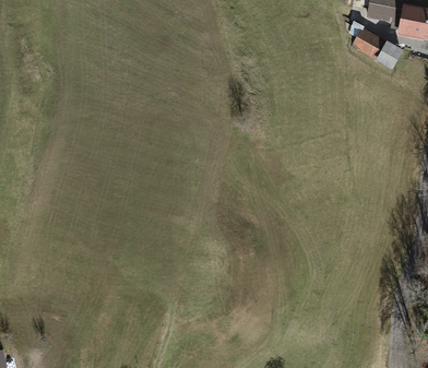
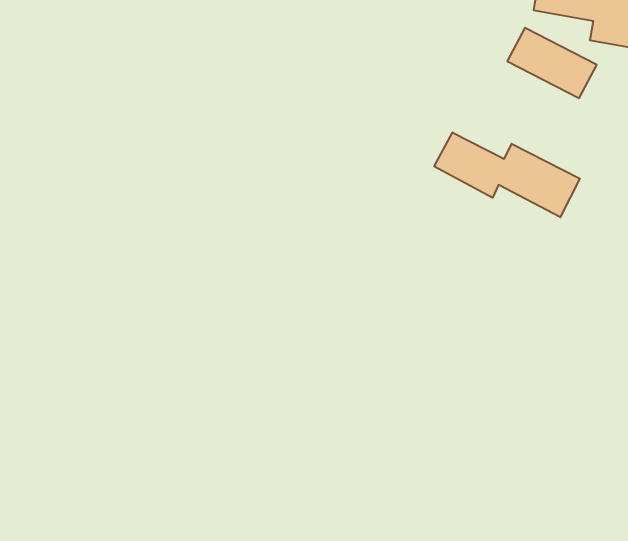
building: none -> [434,132,580,217]

